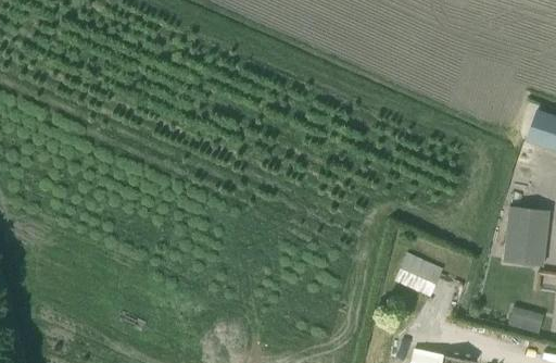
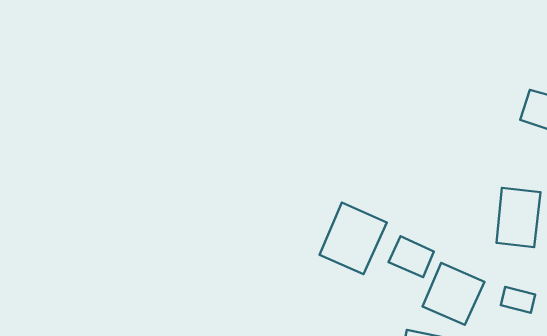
building: none -> [319,203,387,274]
building: none -> [423,263,485,325]

